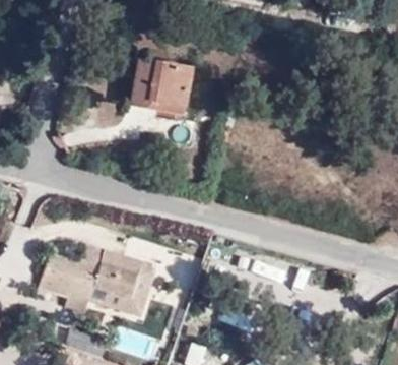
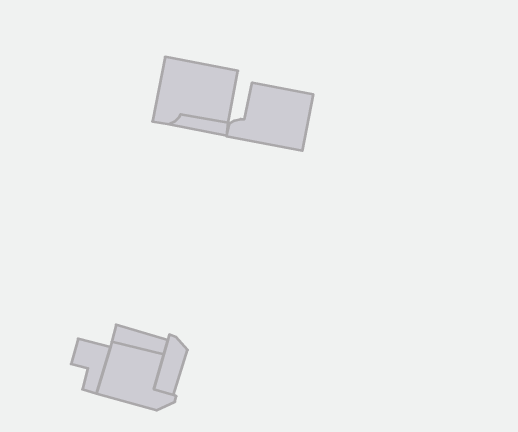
building: none -> [227,83,313,151]
building: [39,254,83,299] -> none

